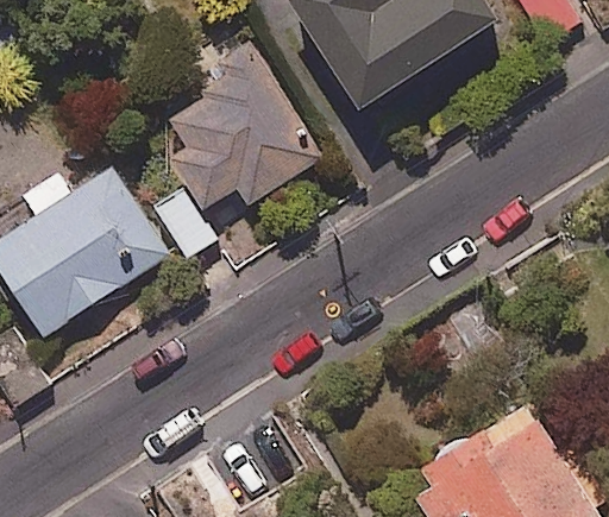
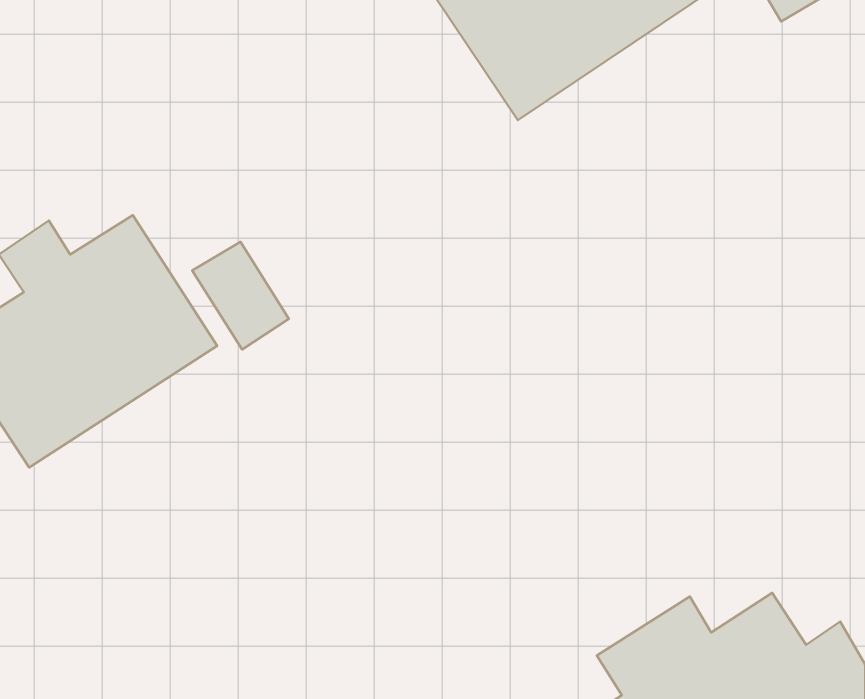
building: [170,50,318,209] -> none

